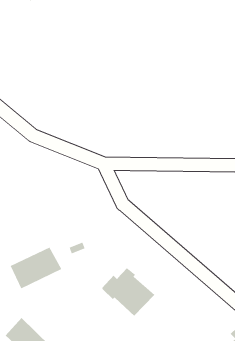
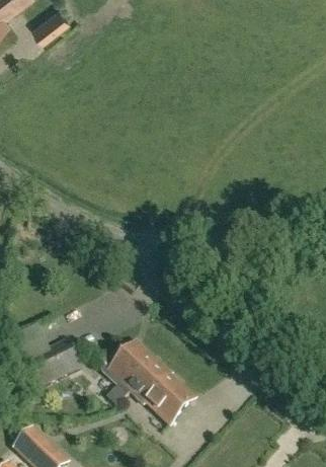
building: none -> [100,340,162,405]

